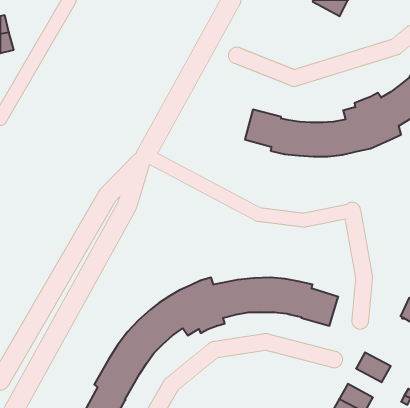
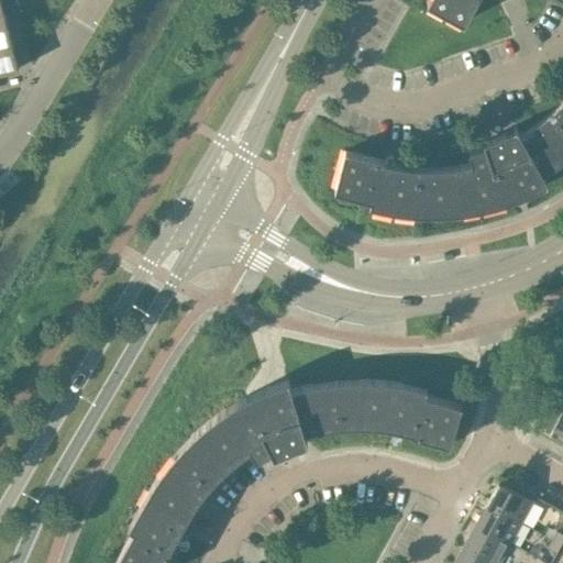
building: none -> [477,508,523,548]

